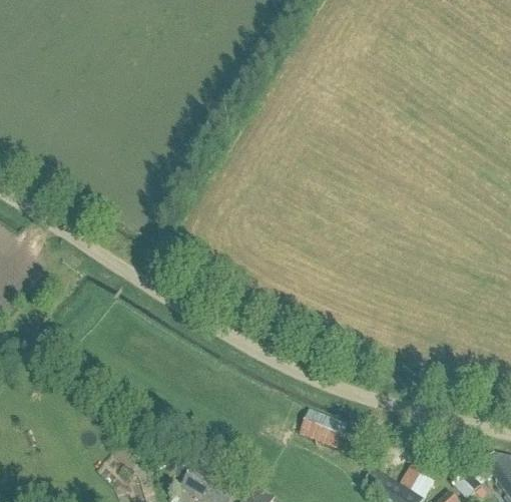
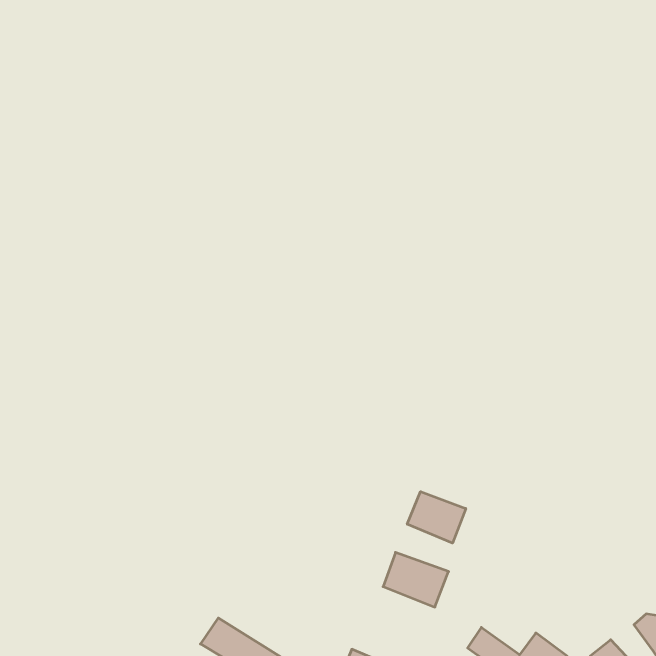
building: none -> [407,492,466,543]

